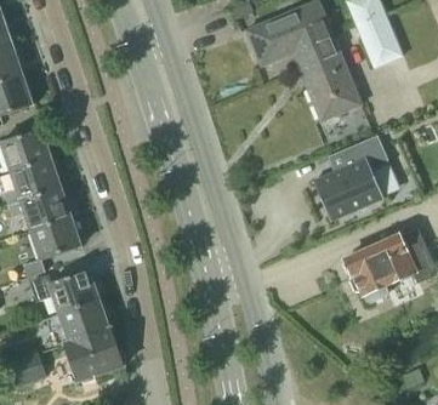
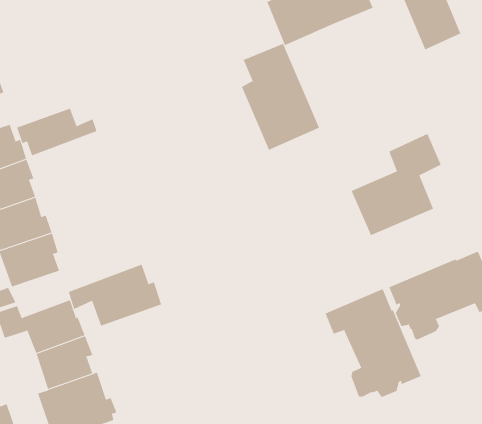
building: [298,35,362,121] -> [241,43,320,150]
building: none -> [17,108,97,156]
building: none -> [68,264,162,326]
building: none -> [325,289,421,398]

